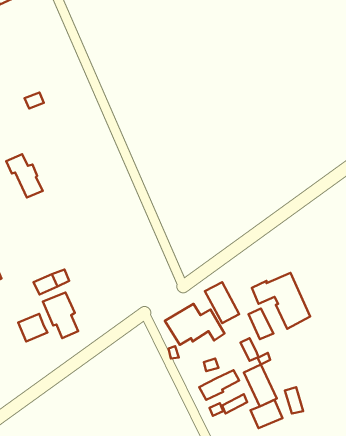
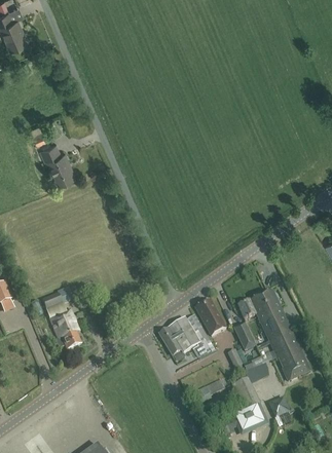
building: [6,154,43,198] -> [40,143,73,182]
building: [18,314,47,341] -> none
building: none -> [269,329,308,380]

